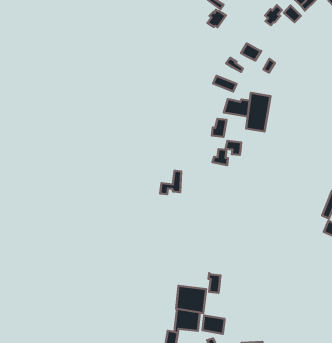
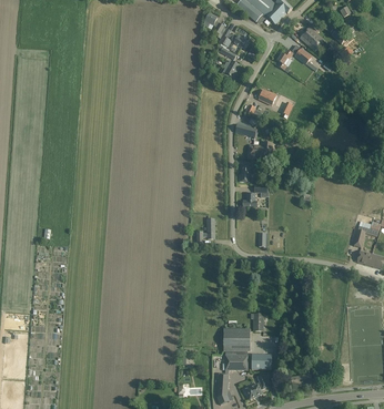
building: [246,93,270,131] -> none

